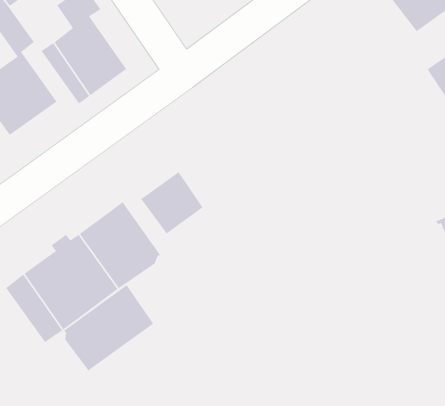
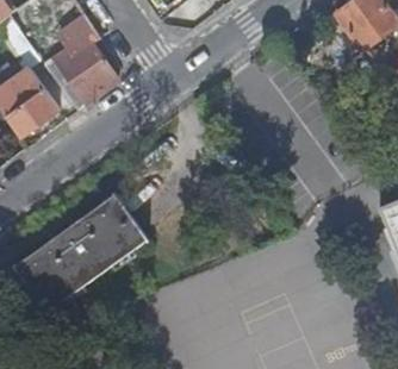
building: [140,171,204,235] -> none
building: [63,284,154,371] -> none

